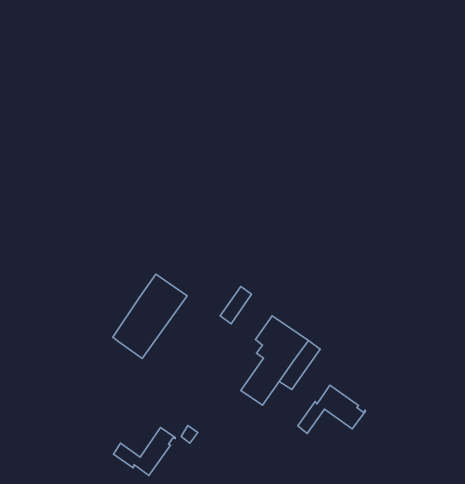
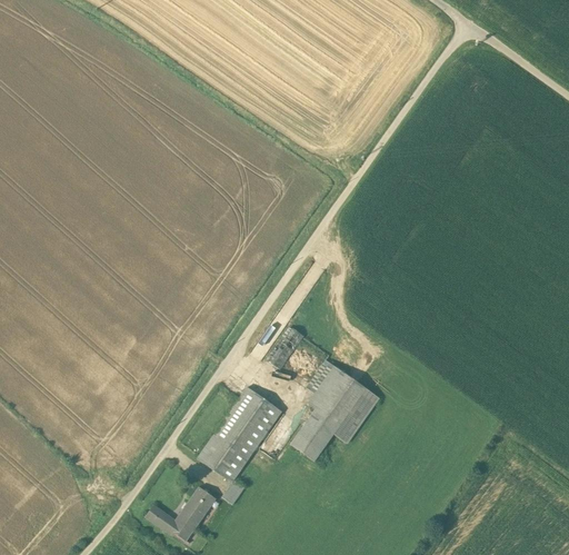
building: [113,274,187,359] -> [198,387,282,483]
building: [298,385,365,433] -> none

